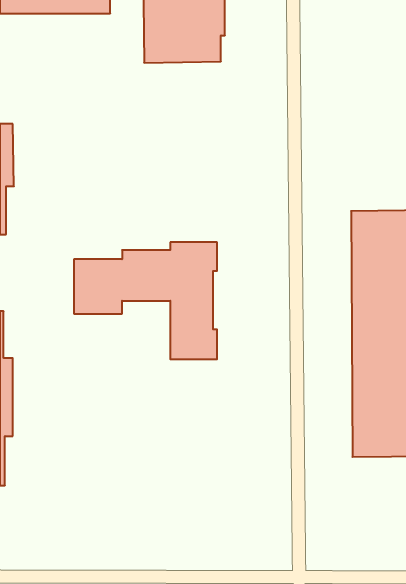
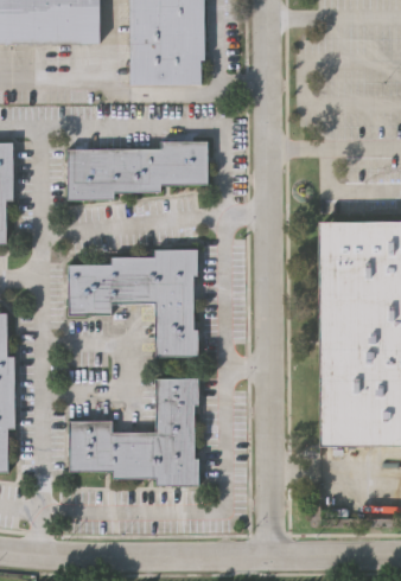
building: none -> [68,141,209,199]
building: none -> [69,378,199,484]

